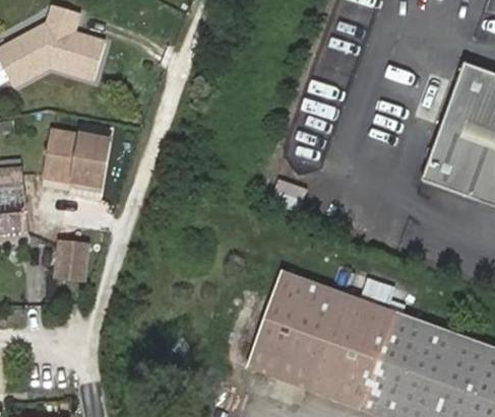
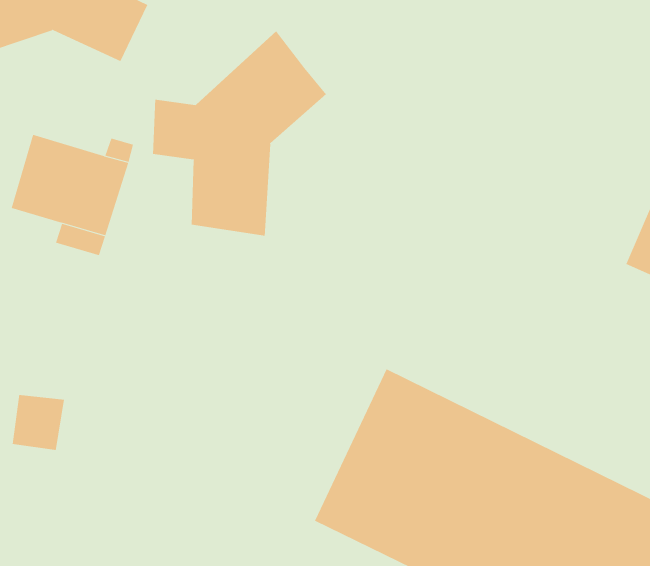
building: none -> [153,30,327,237]
building: [52,247,82,279] -> [12,395,65,451]

